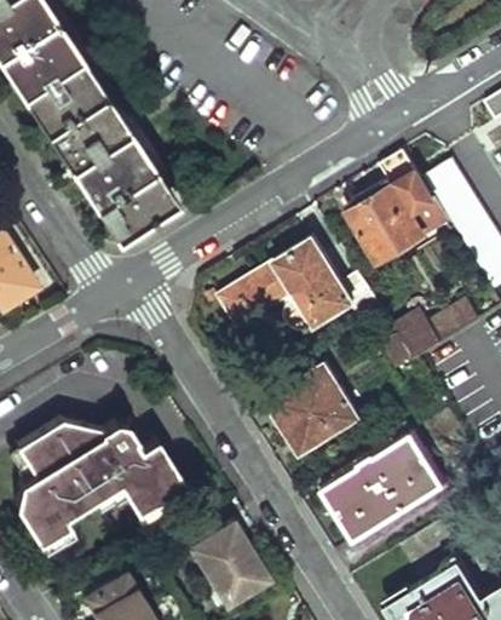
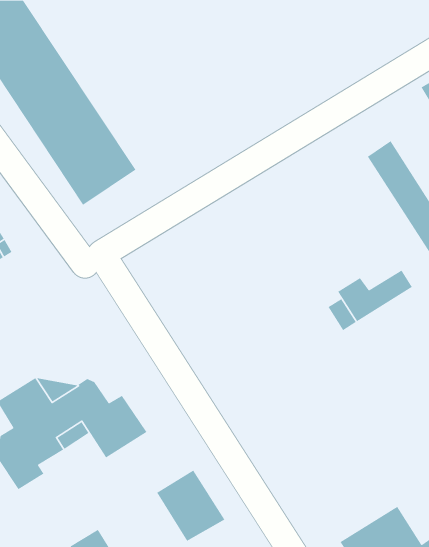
building: [345,153,448,265] -> none
building: [220,240,380,329] -> none
building: [267,368,362,459] -> none
building: [323,436,443,542] -> none

